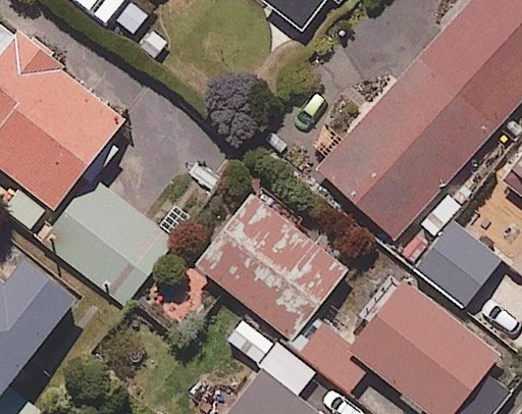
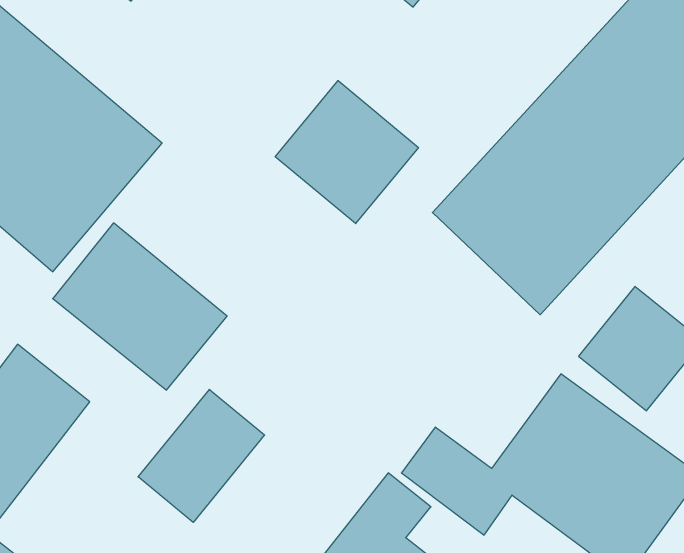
building: none -> [275,81,418,224]
building: [195,193,349,344] -> none
building: none -> [138,389,265,522]

